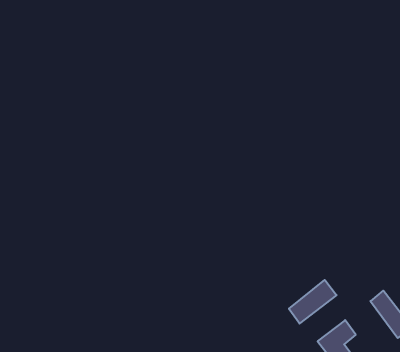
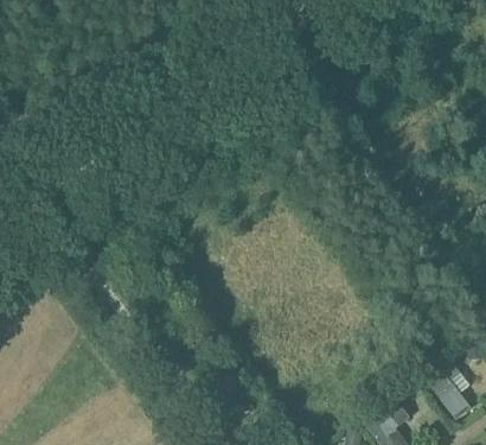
building: [289,280,337,324] -> none

